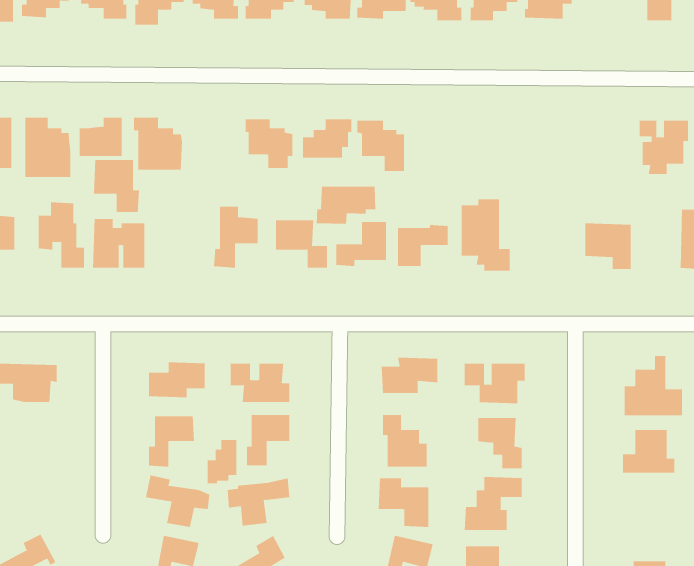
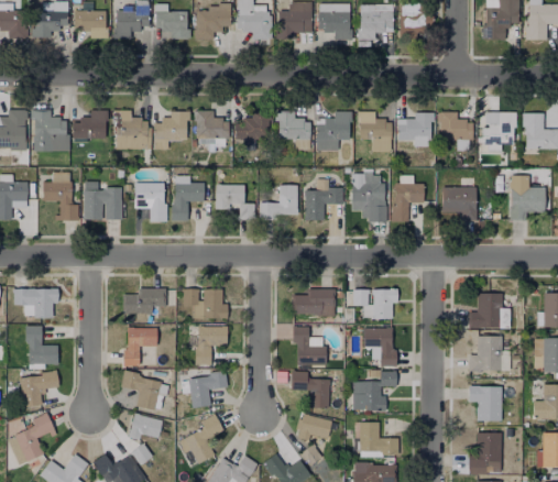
building: none -> [154,111,189,149]
building: none -> [317,111,351,150]
building: none -> [397,112,434,142]
building: none -> [359,113,392,153]
building: none -> [438,113,473,149]
building: [93,160,140,212] -> [133,183,167,221]
building: [316,186,376,225] -> none
building: none -> [395,175,424,216]
building: none -> [25,327,57,364]
building: [207,439,237,484] -> none
building: none -> [21,371,58,407]
building: none -> [471,387,502,421]

